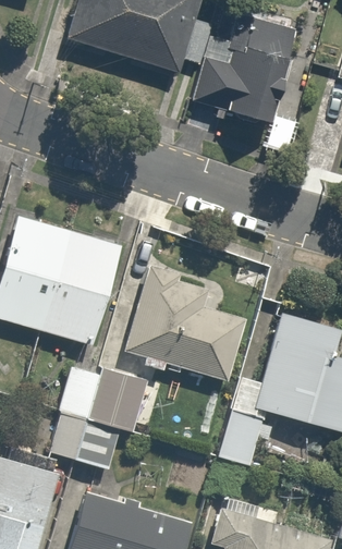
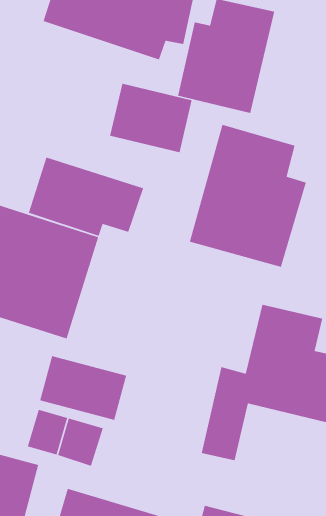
building: none -> [109,83,193,153]
building: none -> [189,124,307,268]
building: none -> [28,156,144,237]
building: [127,264,247,379] -> none

